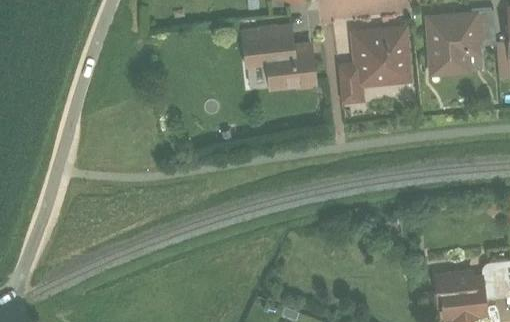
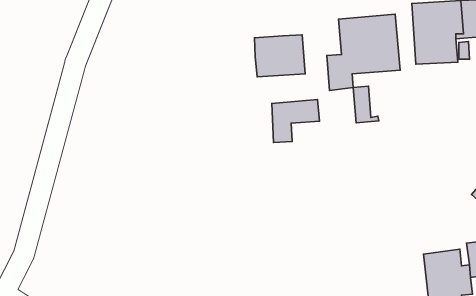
building: [244,26,293,70] -> [272,100,320,143]
building: none -> [353,86,379,123]

